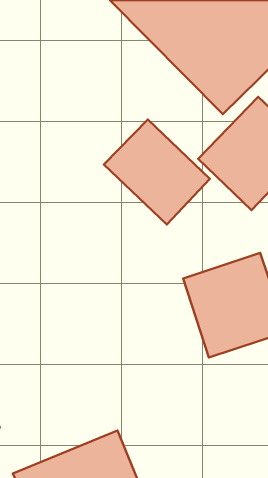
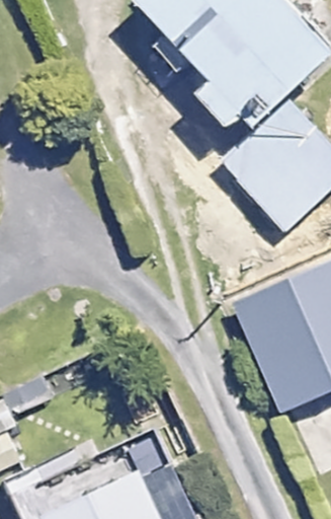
building: [104,119,210,224] -> none

